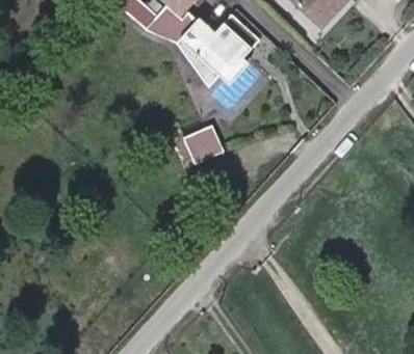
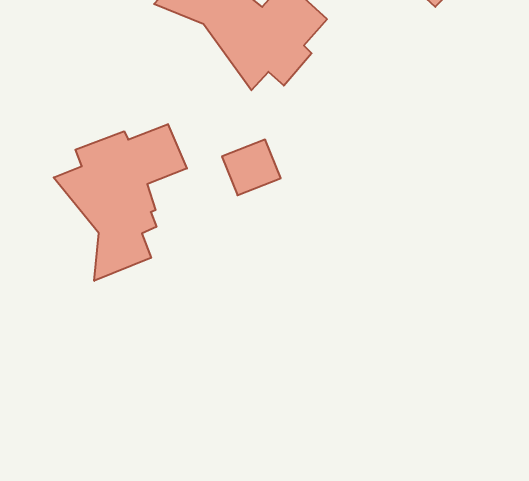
building: none -> [54,124,187,281]

